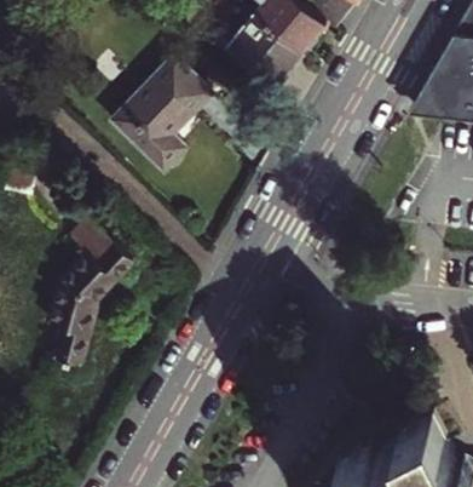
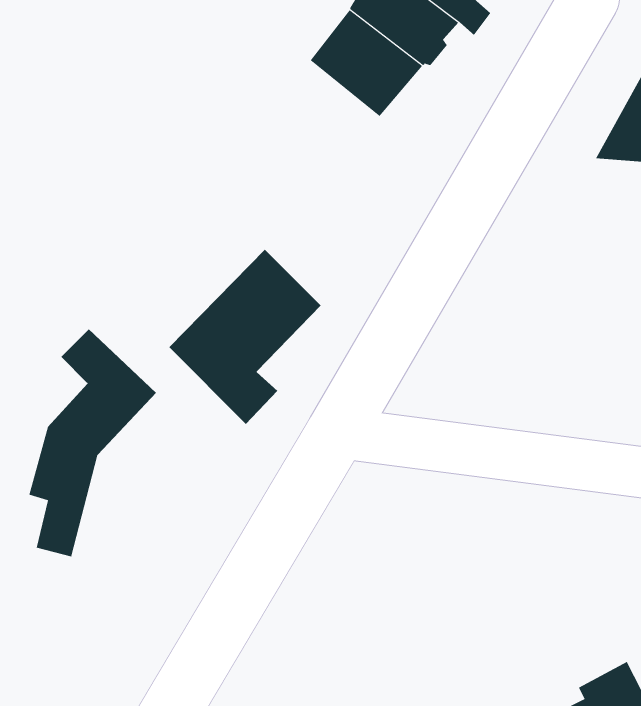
building: [111,58,209,171] -> [169,249,322,425]

